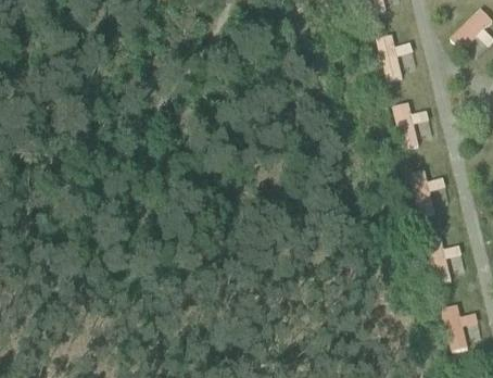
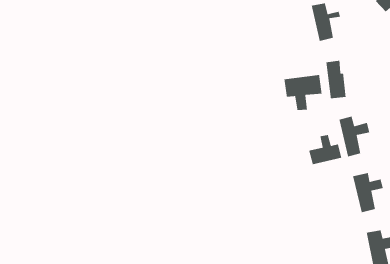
building: none -> [284,74,323,111]
building: none -> [308,134,342,165]

